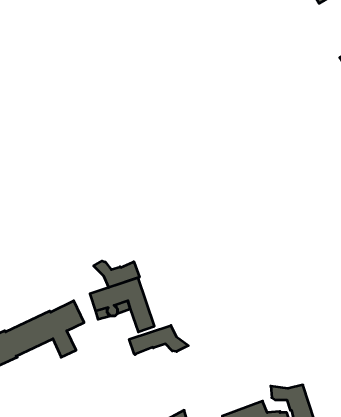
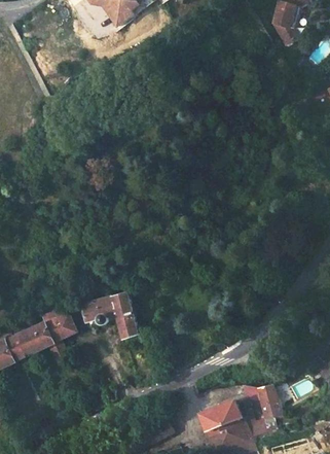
building: [94,261,139,288] -> none
building: [129,325,188,355] -> none

